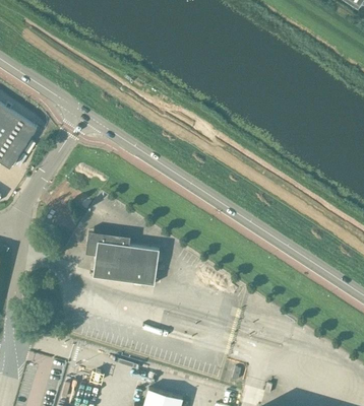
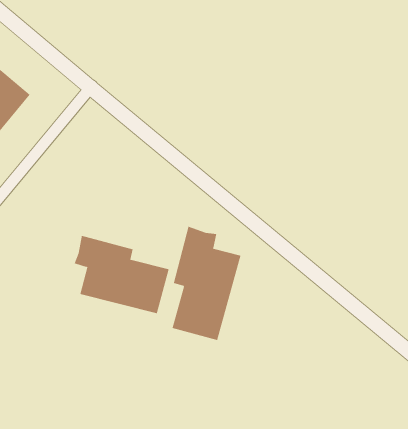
building: none -> [172,226,241,341]

